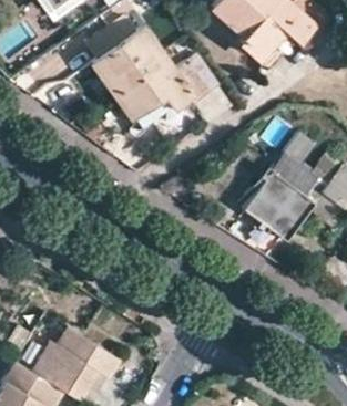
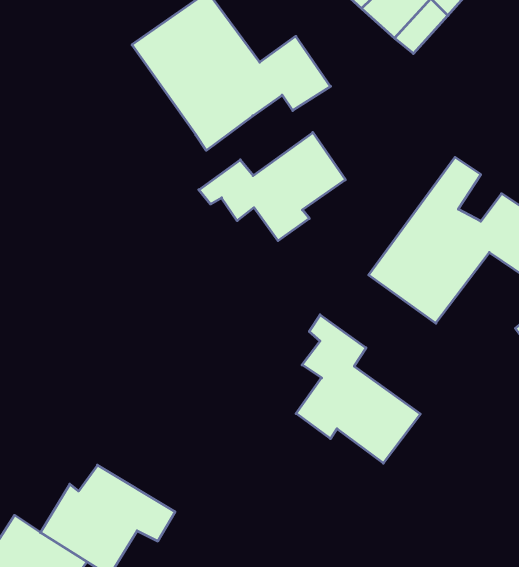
building: none -> [199,132,345,241]
building: none -> [296,315,420,463]

